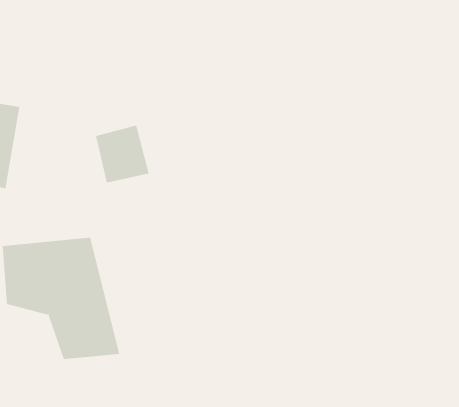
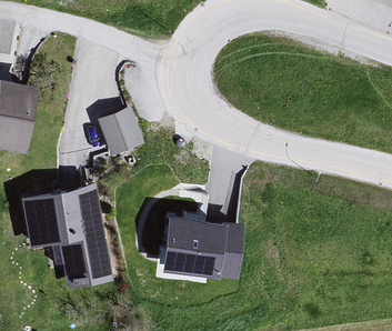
building: none -> [155,205,242,275]

